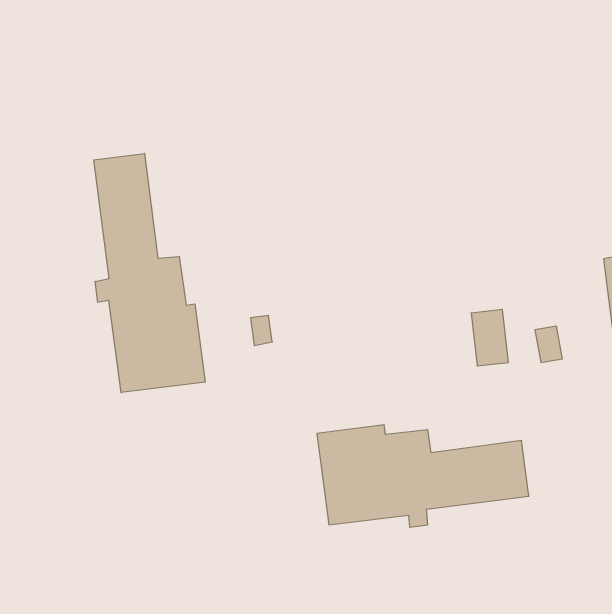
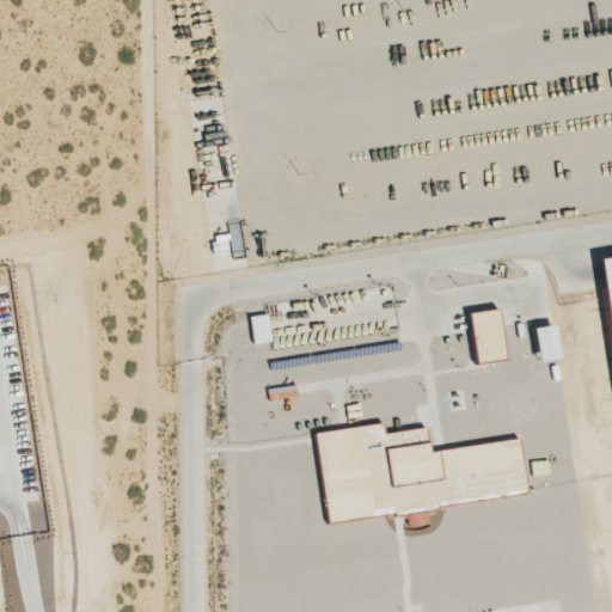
building: [94,153,205,393] -> none

